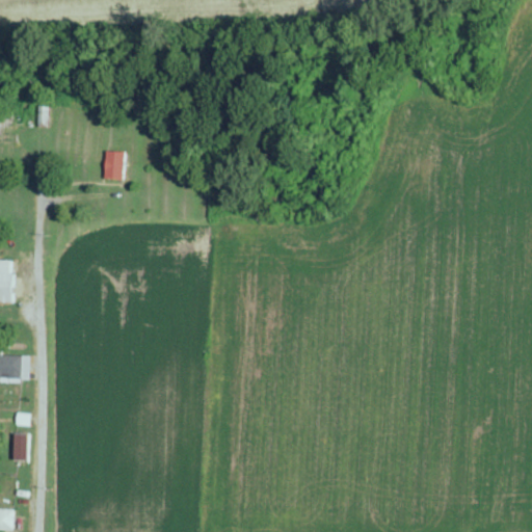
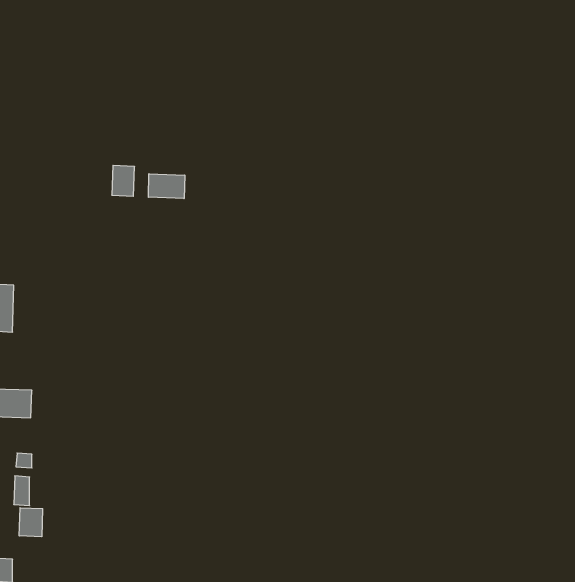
building: none -> [148,174,185,199]
building: none -> [19,508,43,537]

